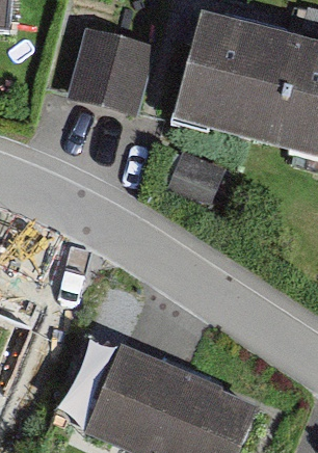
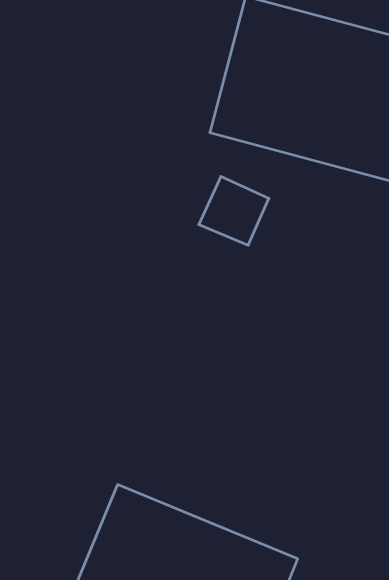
building: [76,18,154,98] -> none

